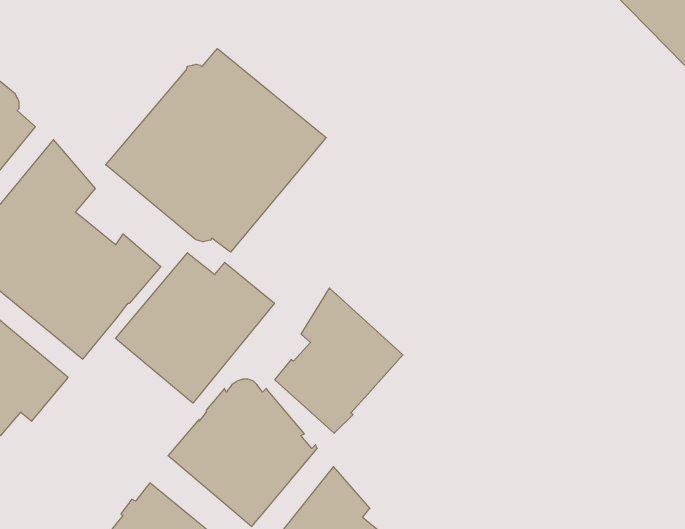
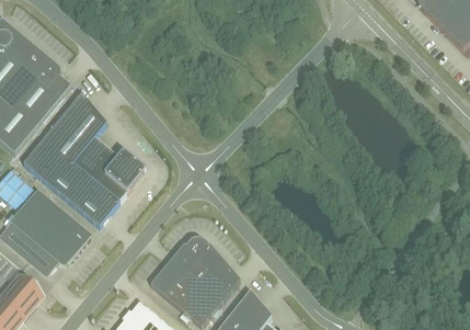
building: [106,49,326,252] -> none
building: [116,253,274,403] -> none
building: [275,288,403,433] -> none

